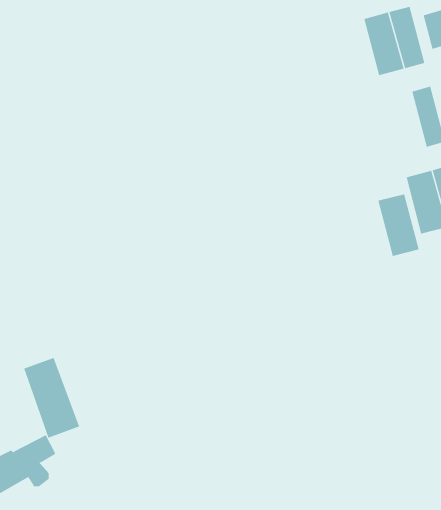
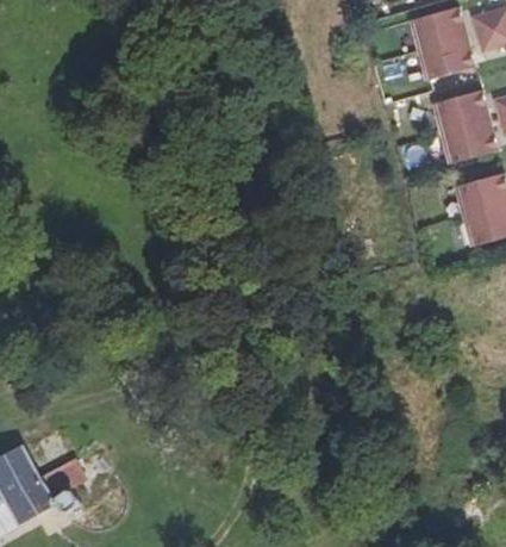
building: [377,194,420,256] -> [432,97,476,162]
building: [23,357,80,438] -> none

